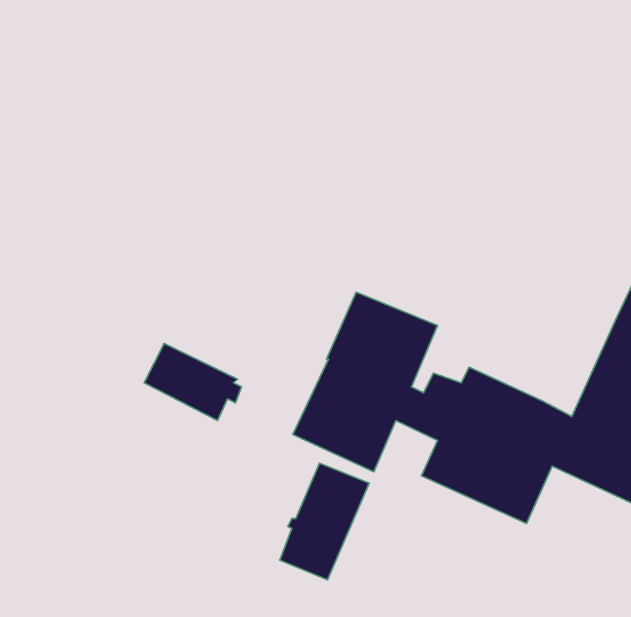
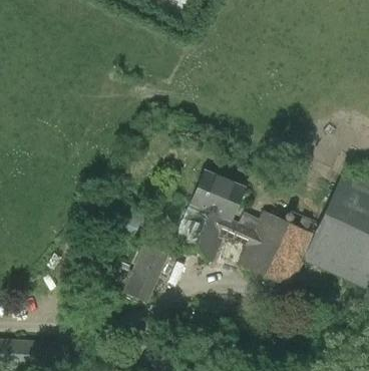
building: [280,463,369,580] -> [123,244,168,303]

